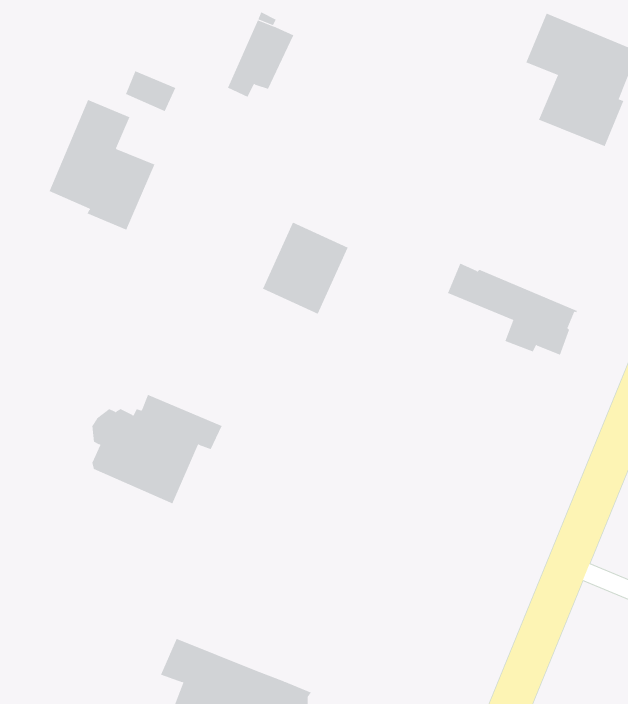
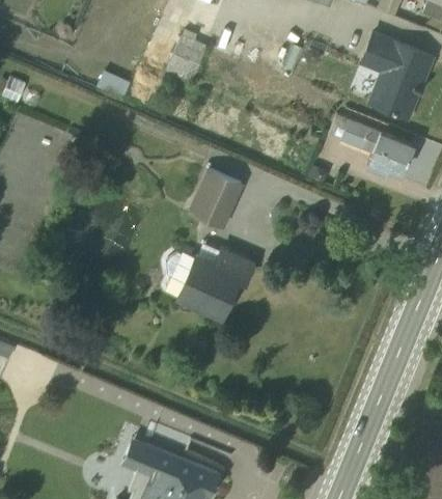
building: [49,99,155,230] -> none
building: [447,263,578,355] -> [330,114,415,174]
building: [92,394,222,504] -> [168,243,253,314]

